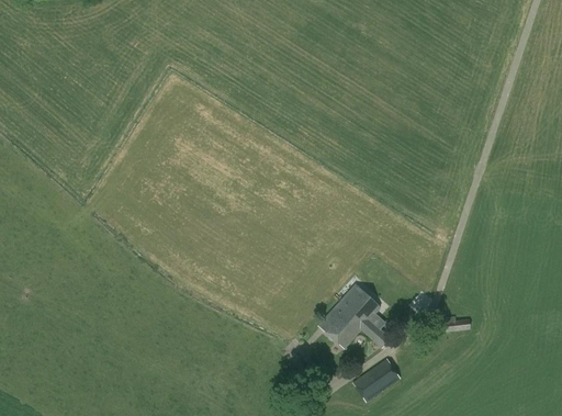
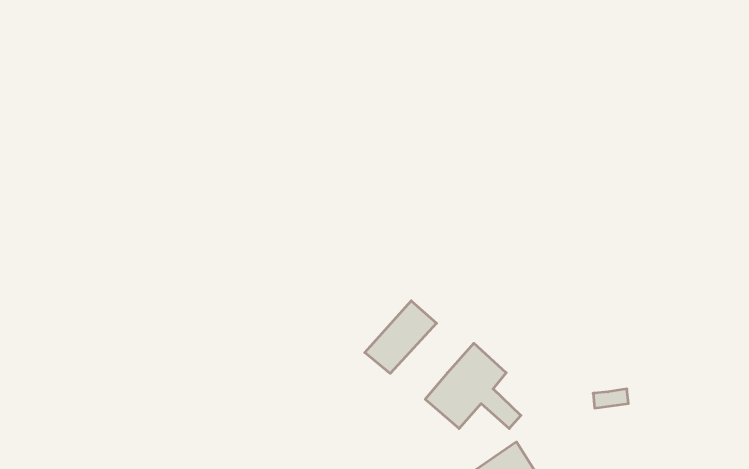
building: none -> [365,301,437,373]

